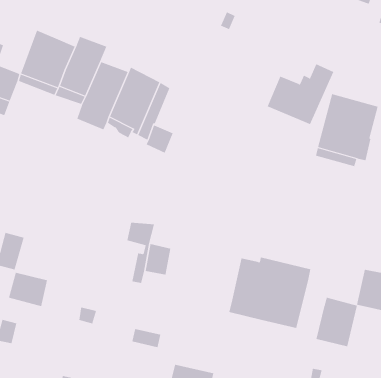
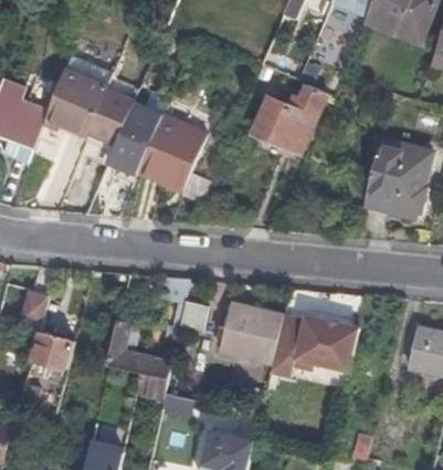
building: [267,64,334,125] -> [253,84,326,150]
building: none -> [220,303,283,361]
building: none -> [108,321,171,397]
building: [316,297,357,347] -> none

